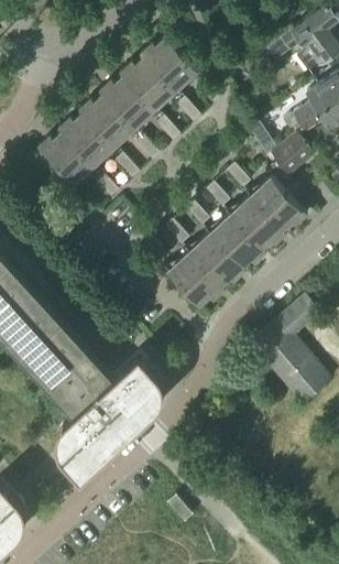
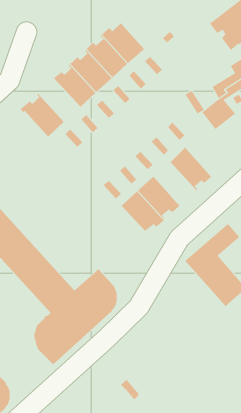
building: [59,110,114,166] -> none
building: [249,180,306,237] -> none
building: [208,218,263,274] -> none

